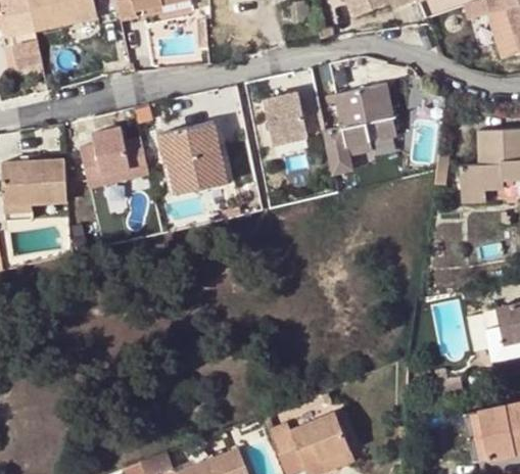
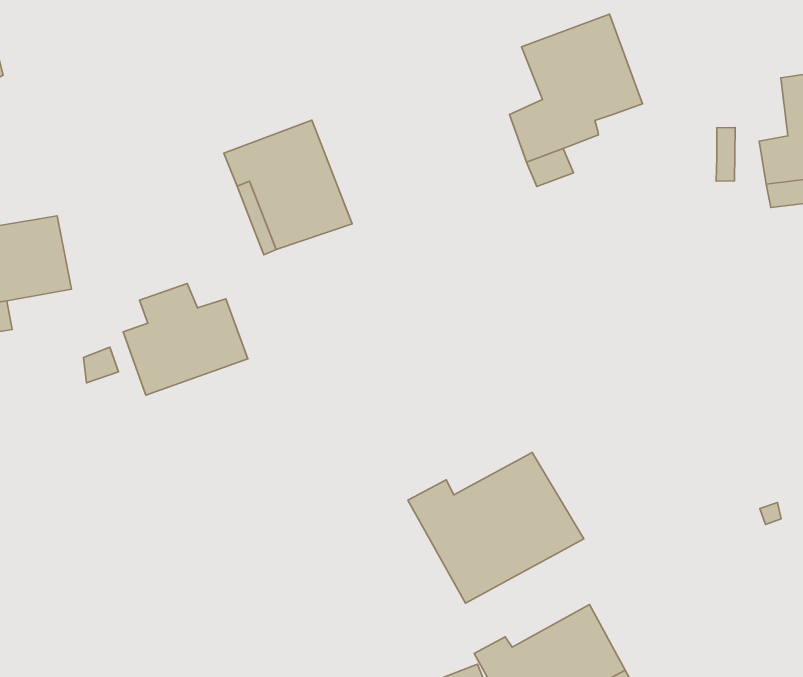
building: [262,93,323,144] -> none
building: [82,127,149,186] -> [123,283,248,395]
building: none -> [408,452,584,603]

